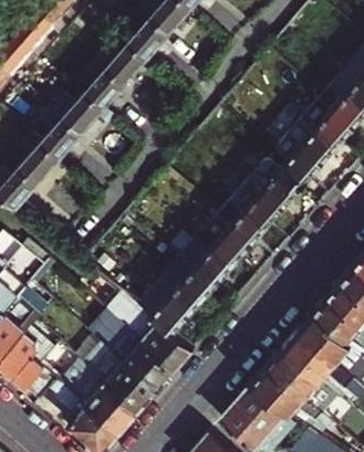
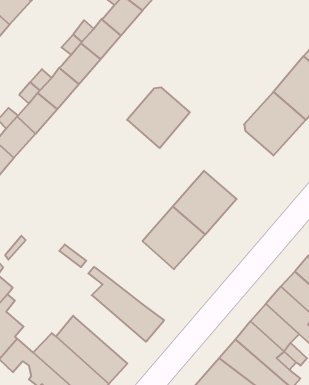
building: [235,162,299,224] -> [127,87,190,148]
building: [137,267,204,333] -> none
building: [93,323,175,392] -> none

